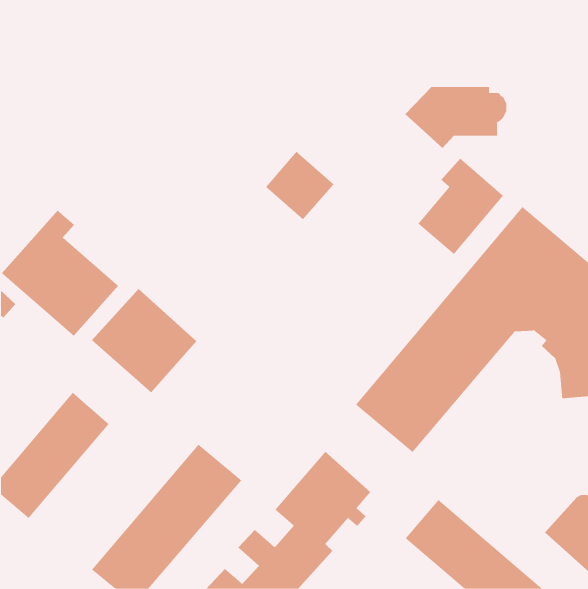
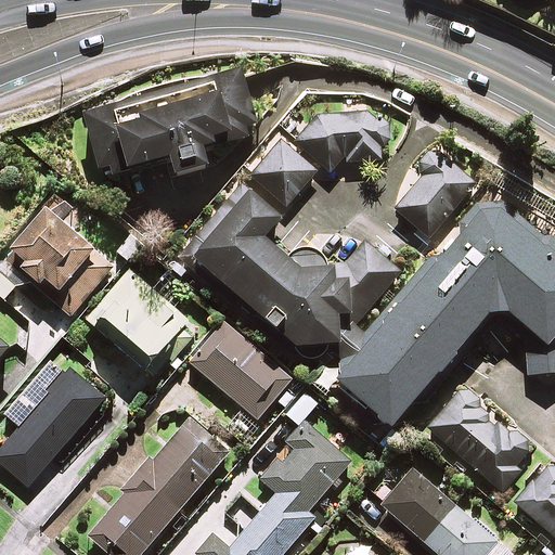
building: none -> [82,69,255,178]
building: [405,87,507,149] -> [294,115,390,173]
building: none -> [179,185,400,345]
building: none -> [189,322,292,421]
building: none -> [427,392,532,493]

